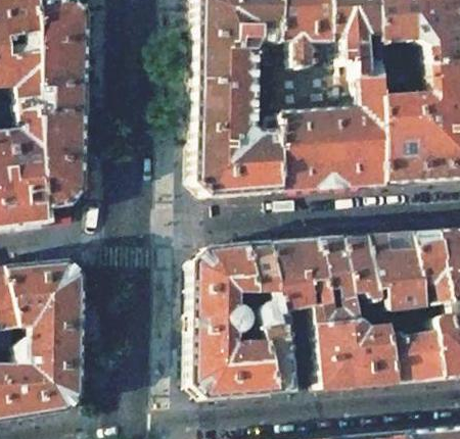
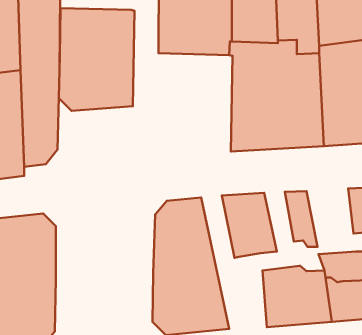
building: [196,80,282,196] -> [59,8,135,111]
building: [366,233,422,307] -> none
building: [314,237,358,326] -> none
building: [246,241,296,392] -> none

